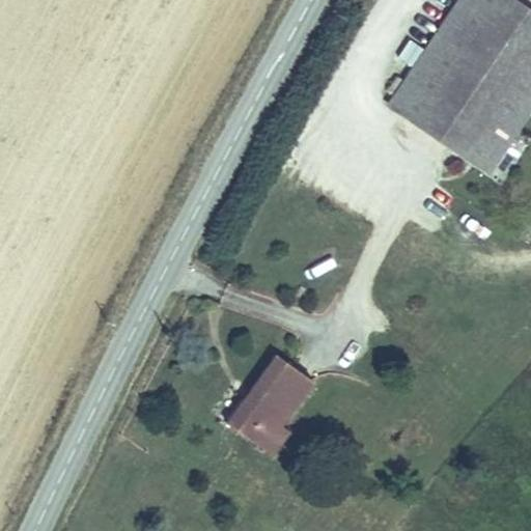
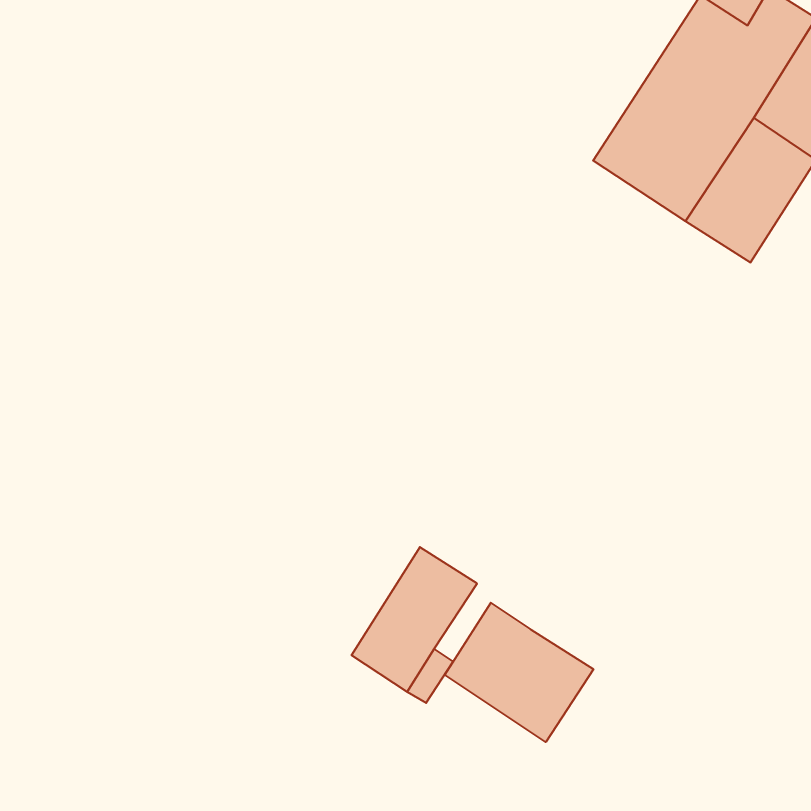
building: none -> [445,603,593,742]

